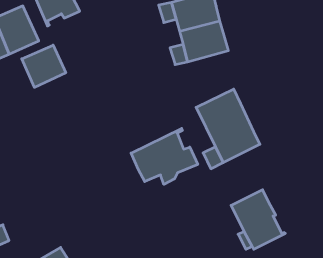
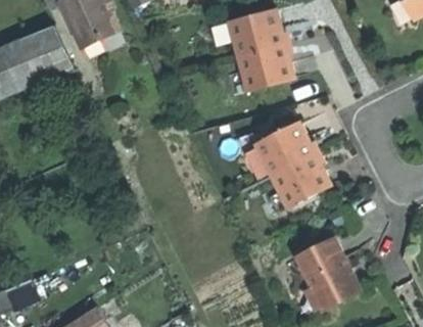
building: [22,45,66,87] -> none
building: [131,128,198,184] -> none

